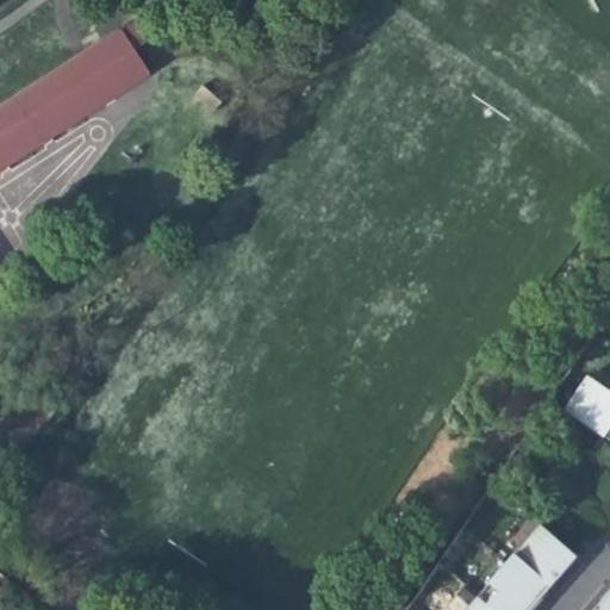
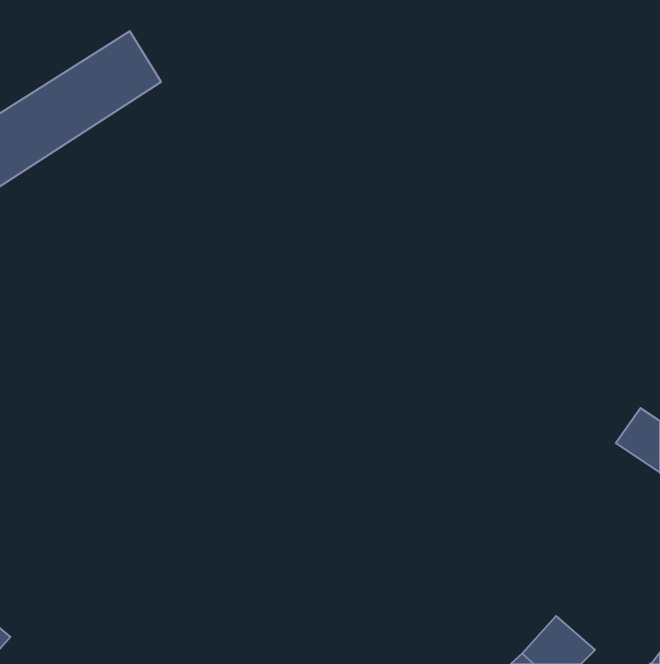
building: [510,528,577,596] -> none

